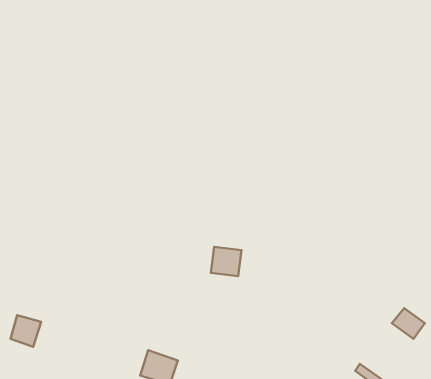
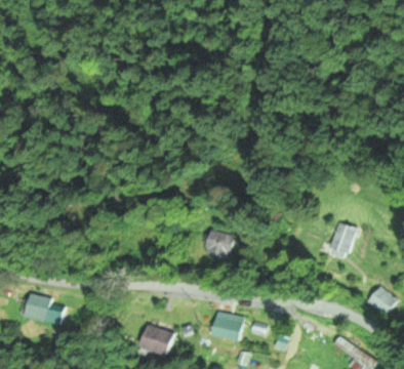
building: none -> [331,222,357,254]
building: none -> [212,313,244,340]

